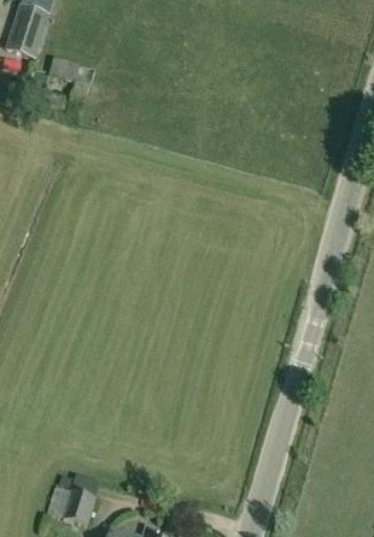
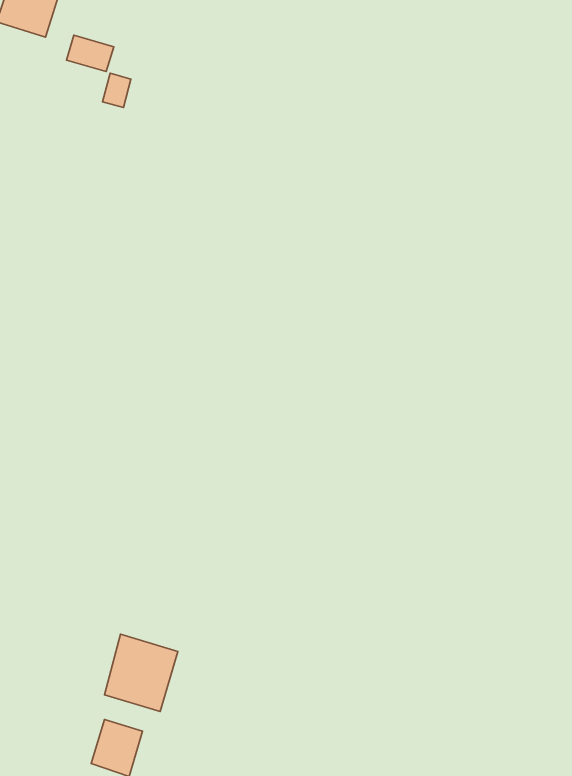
building: none -> [104,634,178,711]

